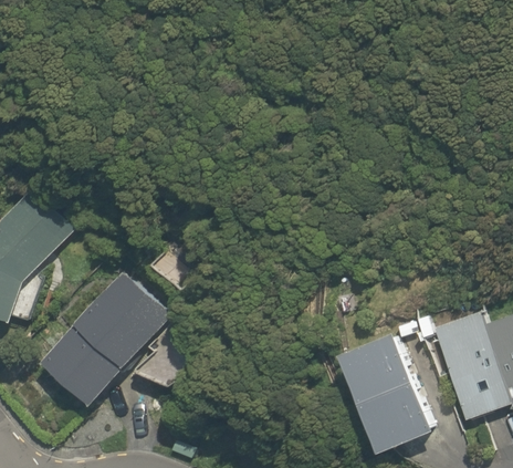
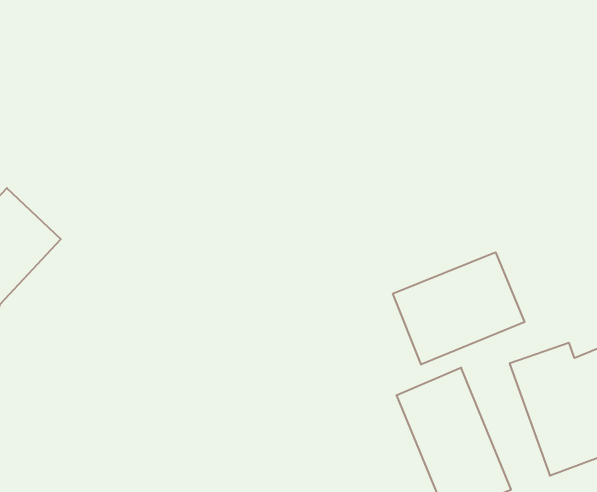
building: none -> [393,252,524,365]
building: [41,272,169,406] -> none

